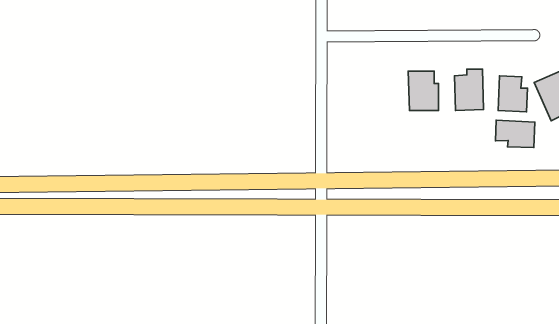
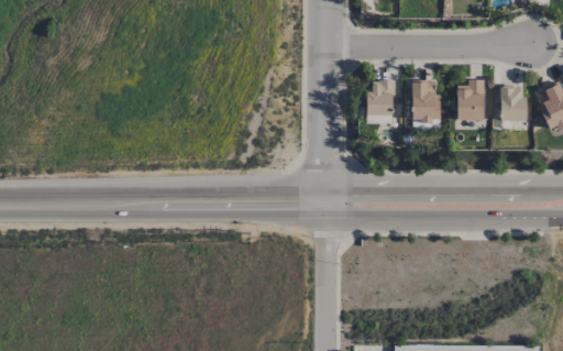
building: none -> [367,81,396,117]
building: [496,120,535,148] -> none

